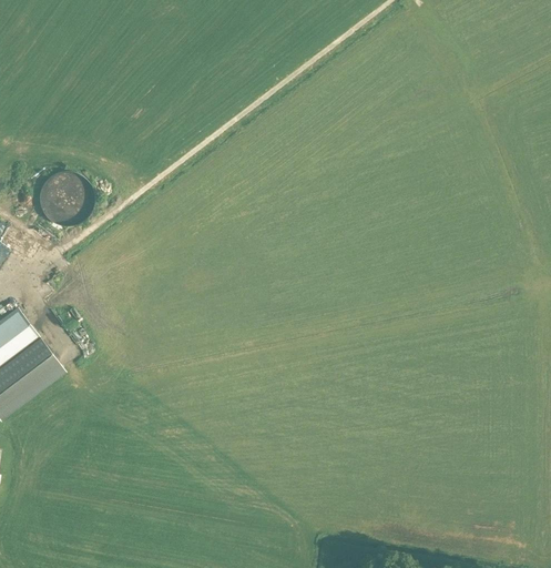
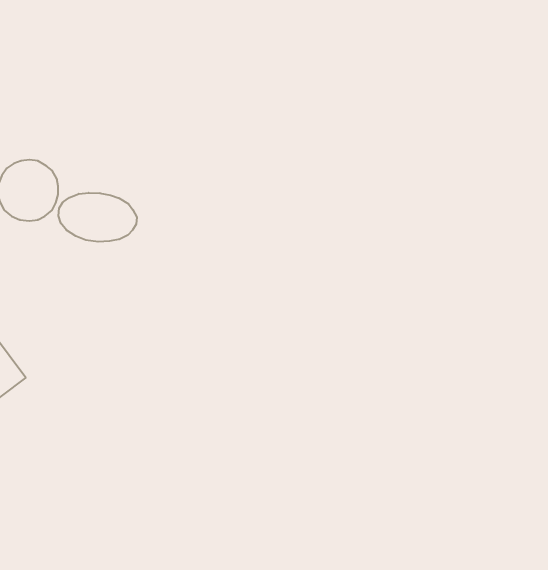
building: none -> [58,193,137,242]

